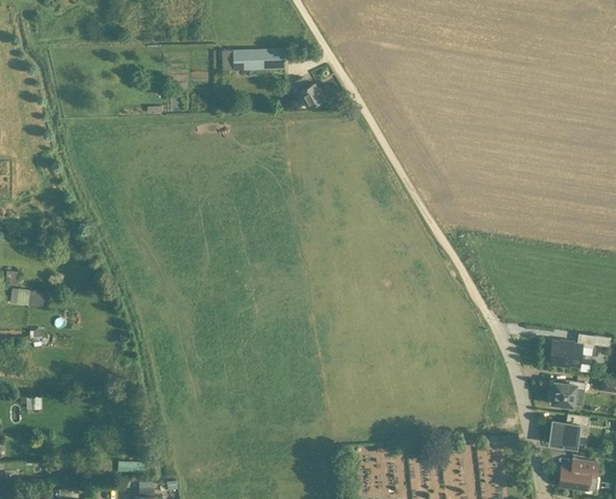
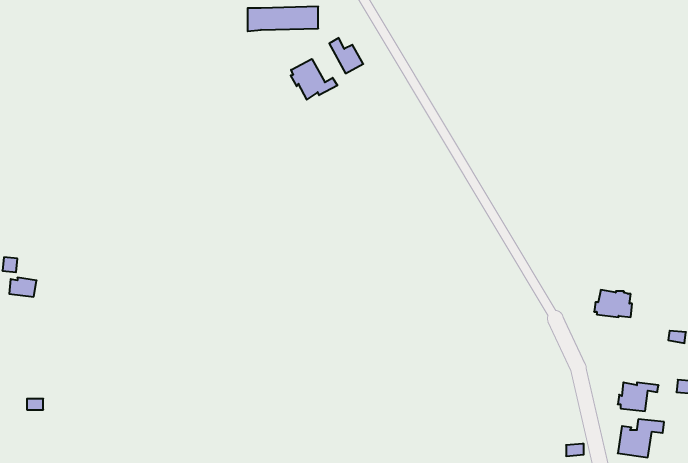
building: none -> [291,59,337,100]
building: [547,341,581,366] -> [594,290,632,317]

